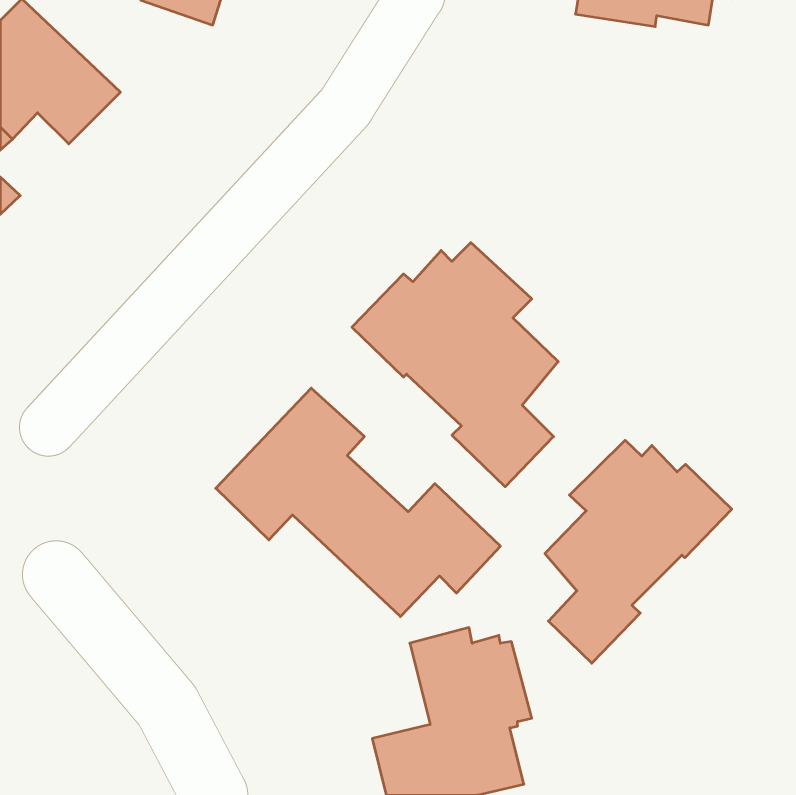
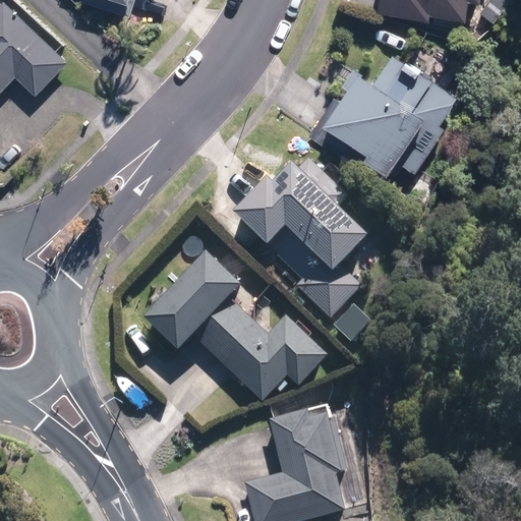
building: none -> [308,51,457,172]
building: [545,440,732,663] -> none

